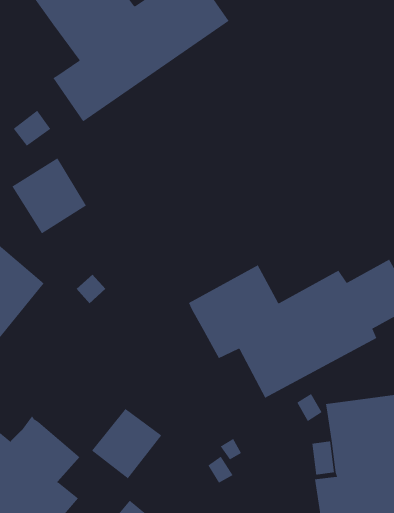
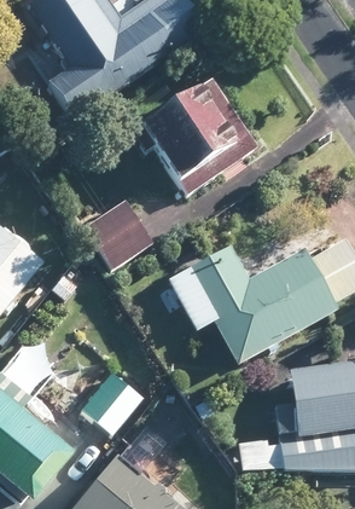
building: none -> [132,77,256,193]
building: [11,158,87,234] -> [86,202,152,270]

